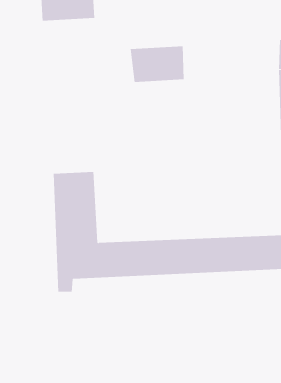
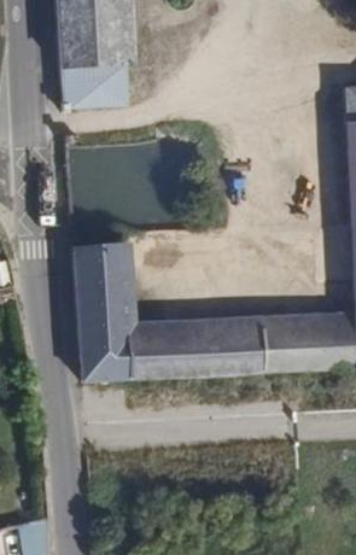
building: [130,46,184,83] -> [62,58,128,103]

